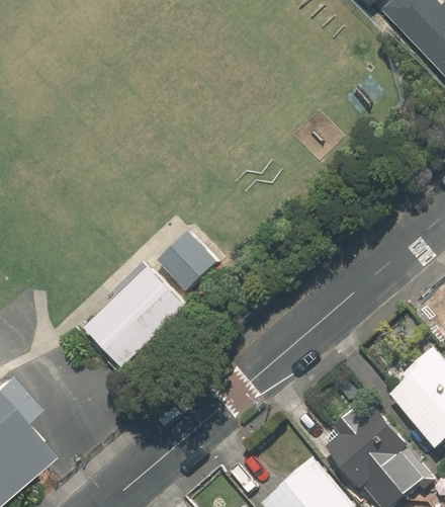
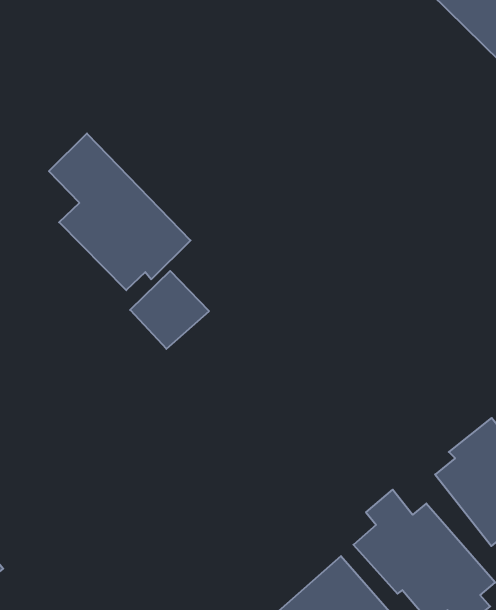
building: none -> [49,133,191,290]
building: [72,267,183,370] -> none

